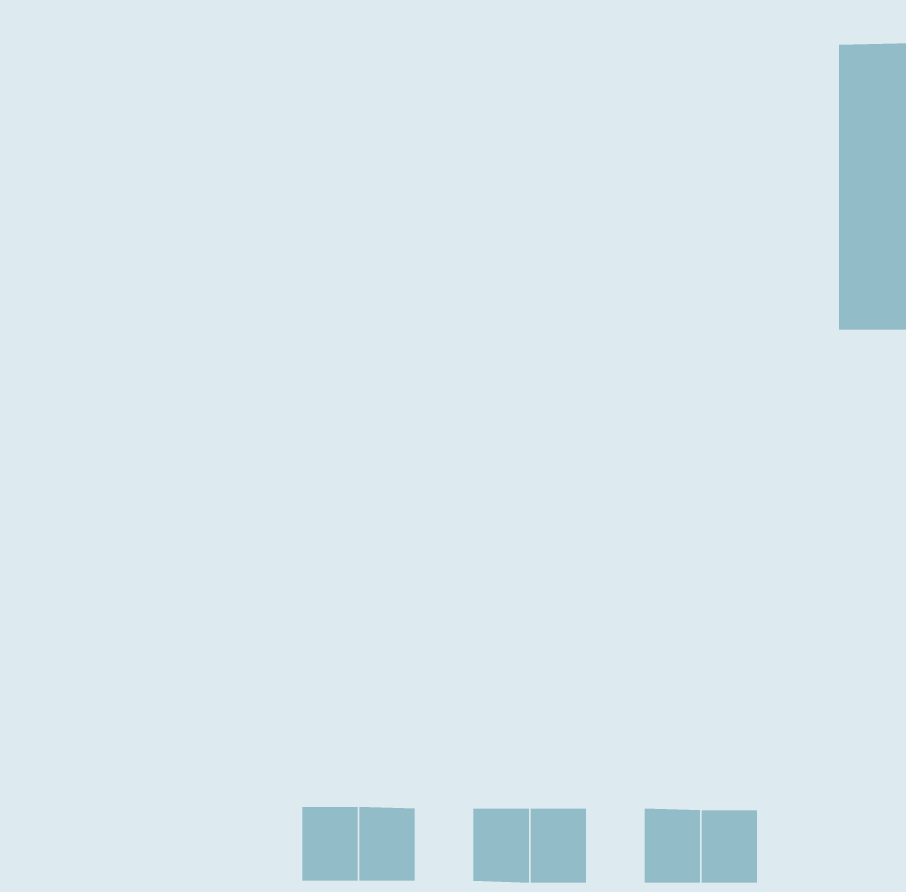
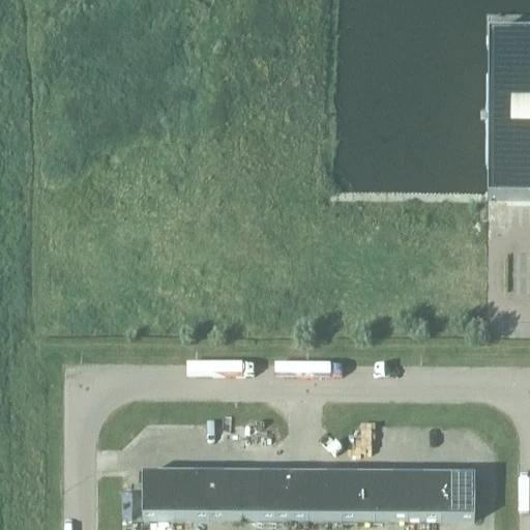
building: none -> [144,468,178,511]
building: none -> [244,469,277,511]
building: none -> [344,469,377,512]
building: none -> [443,470,477,512]

